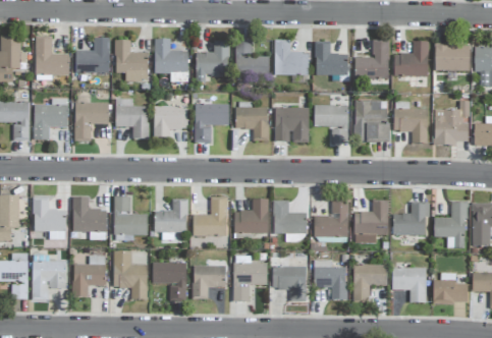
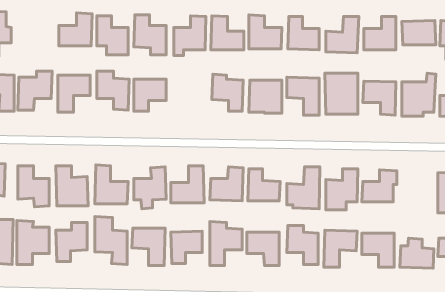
building: [35,36,69,76] -> none
building: [195,96,228,142] -> none
building: [434,202,467,247] -> none

